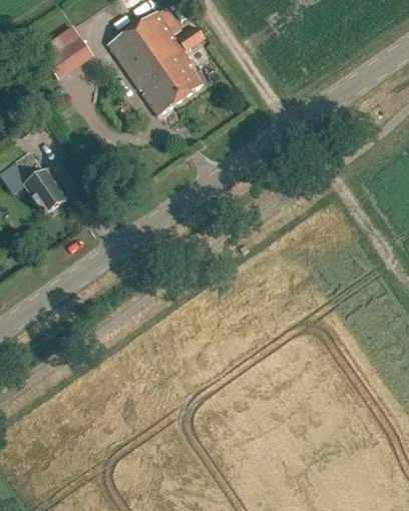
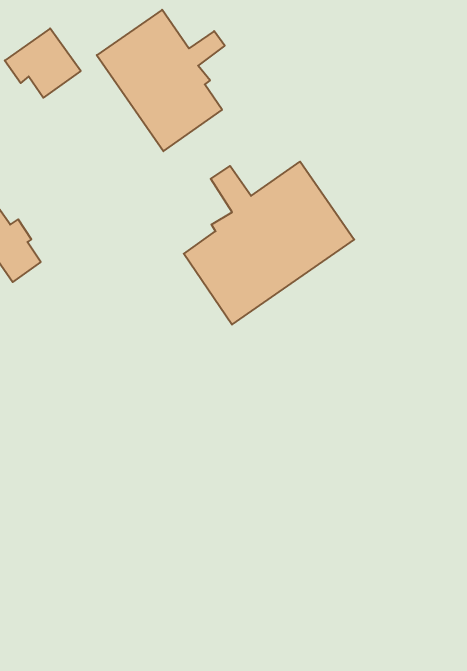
building: none -> [184,162,354,325]

